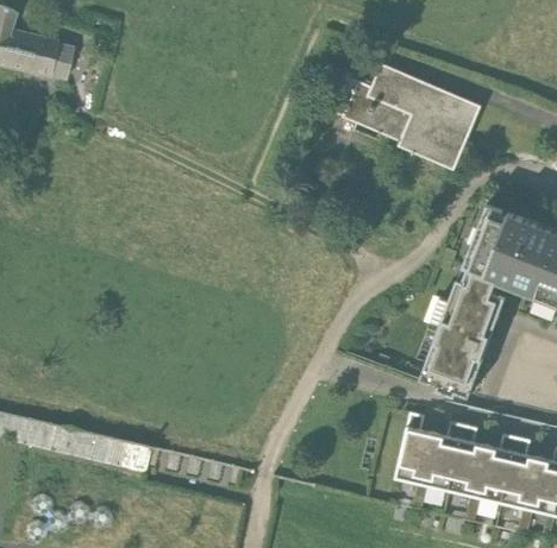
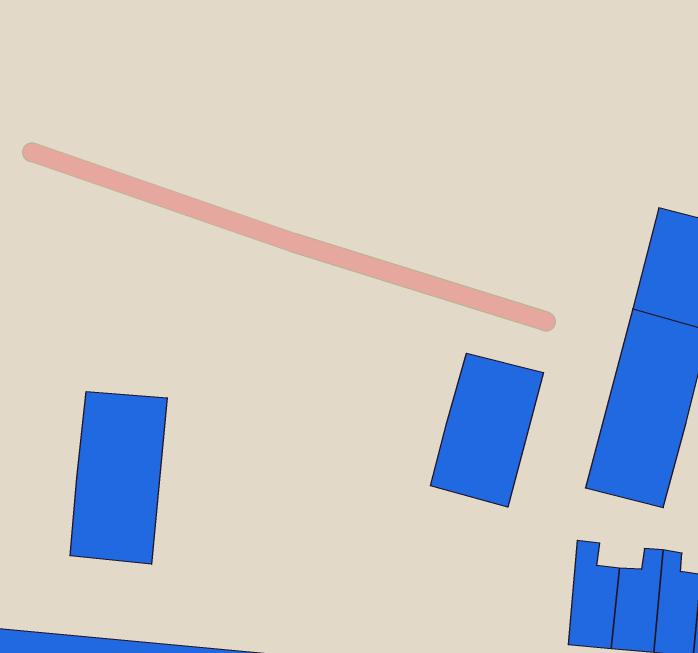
building: [327,64,483,169] -> none
building: none -> [70,392,167,564]
building: none -> [430,353,544,507]

